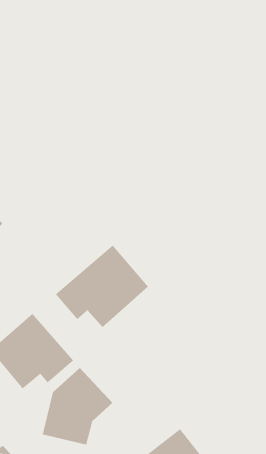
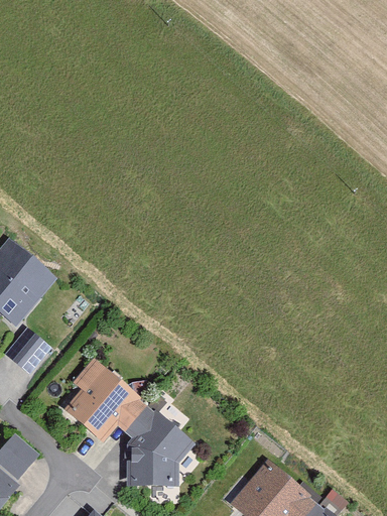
building: [55,244,149,328] -> none

